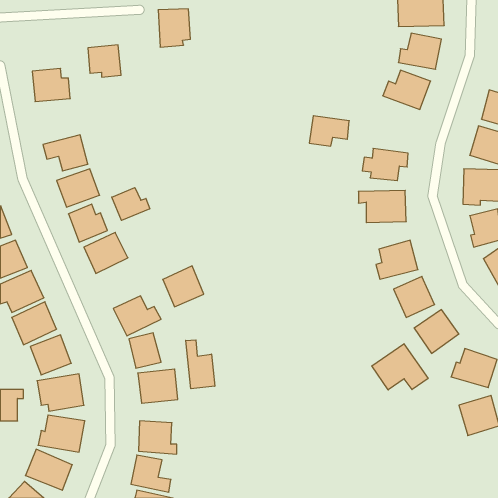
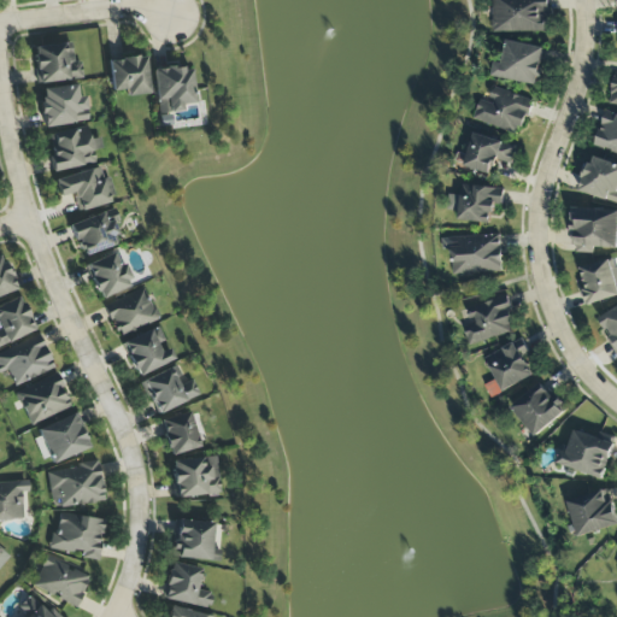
building: [158,9,190,47] -> [155,66,195,113]
building: none -> [34,42,83,82]
building: none -> [48,125,104,171]
building: [309,116,349,146] -> [468,135,517,172]
building: [112,188,150,220] -> none
building: [163,266,204,307] -> [123,325,174,376]
building: [186,340,215,389] -> none
building: [372,344,428,390] -> none

